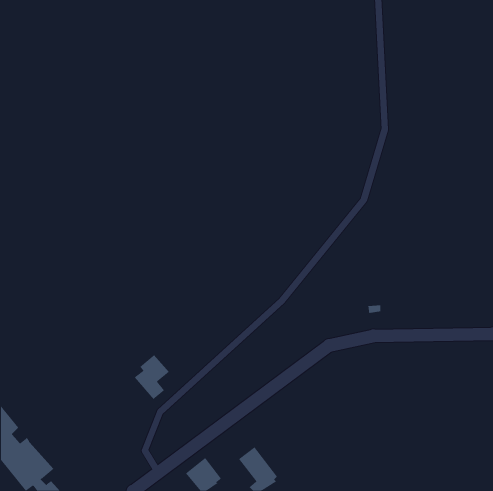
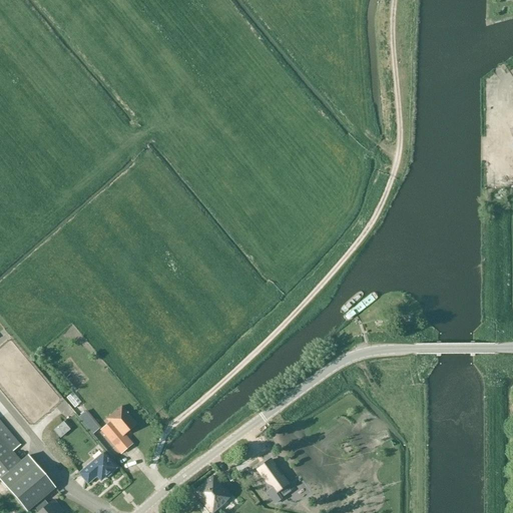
building: [134,354,170,400] -> [100,405,137,452]
building: none -> [78,450,117,484]

